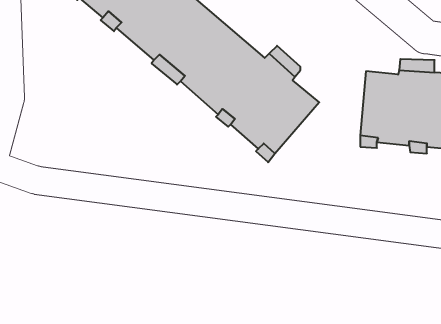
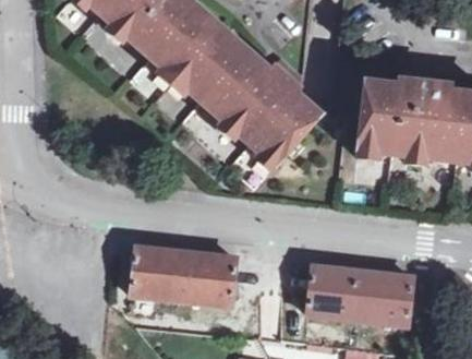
building: none -> [135,249,238,306]
building: none -> [310,266,414,325]

